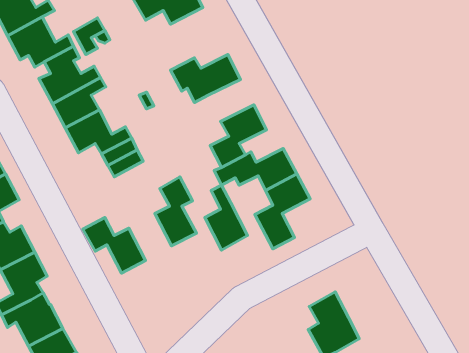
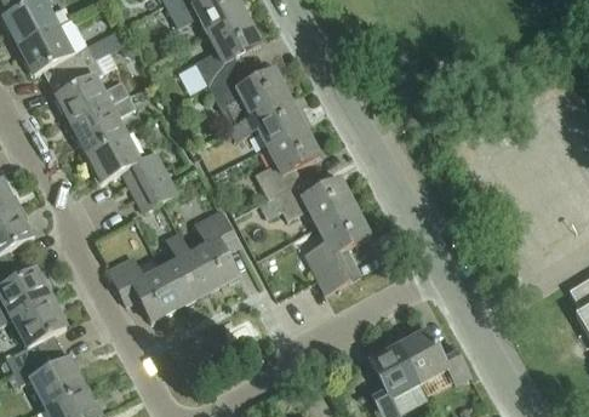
building: none -> [196,13,261,86]
building: none -> [230,97,305,145]
building: [205,185,248,250] -> [160,232,210,307]
building: none -> [400,327,470,383]

